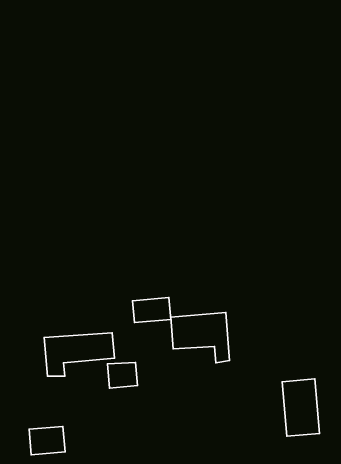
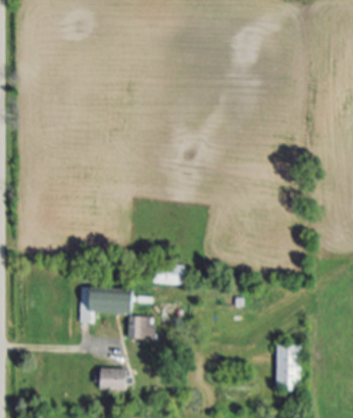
building: [171,312,230,363] -> none
building: [29,426,65,455] -> [100,368,129,389]

